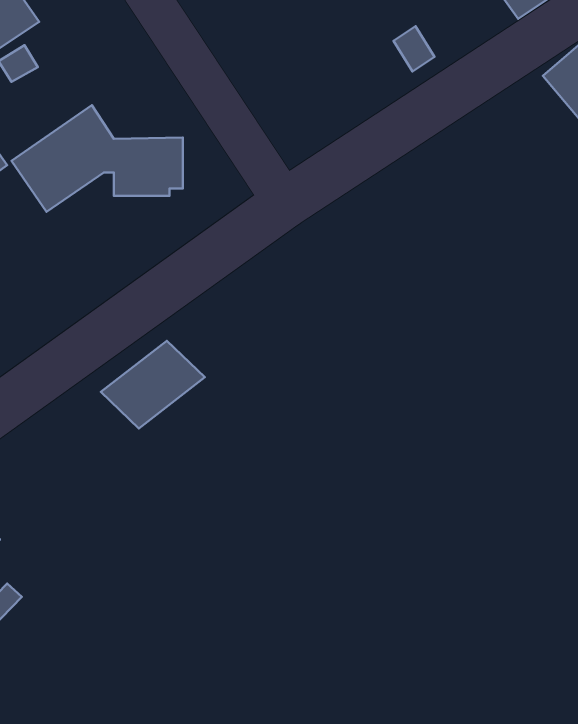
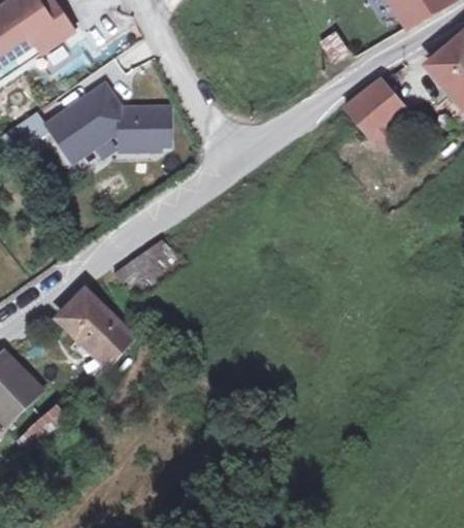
building: none -> [345,75,406,147]
building: none -> [56,299,131,375]

